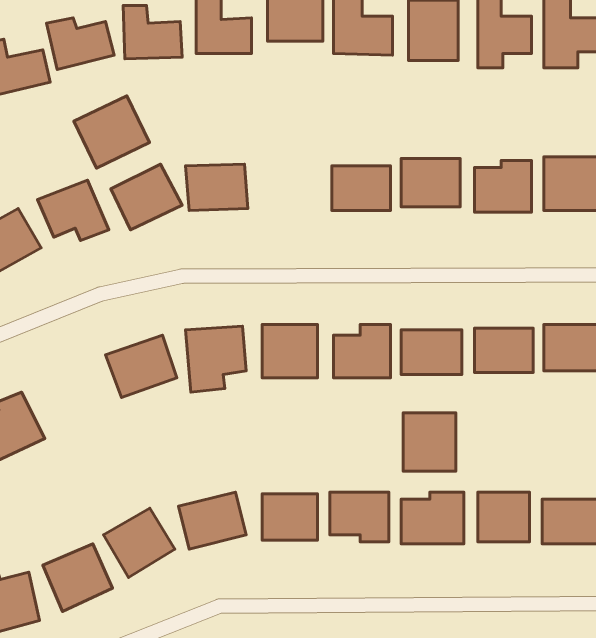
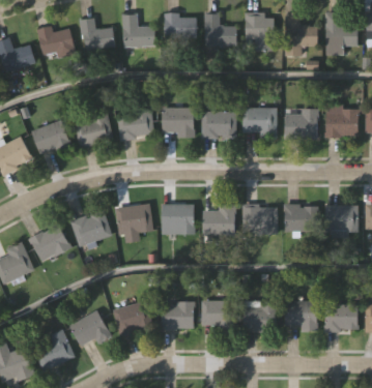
building: [74,96,149,168] -> none
building: none -> [161,108,193,136]
building: none -> [29,225,69,262]
building: [403,413,456,471] -> none

